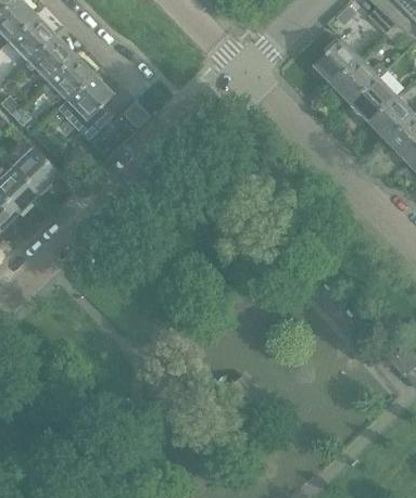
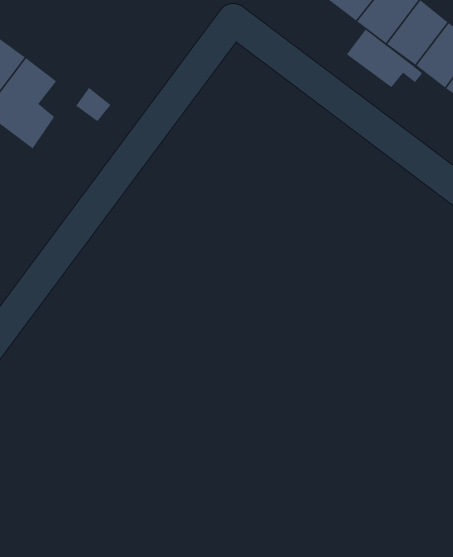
building: none -> [346,29,423,88]

